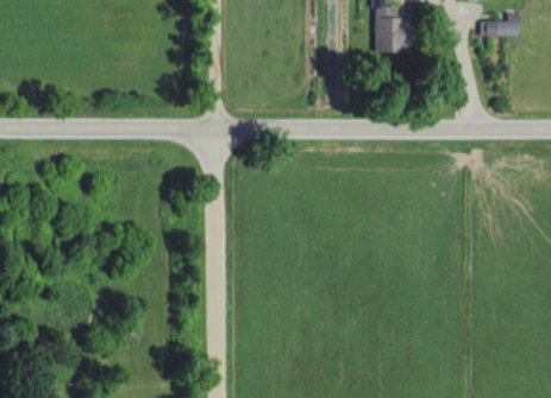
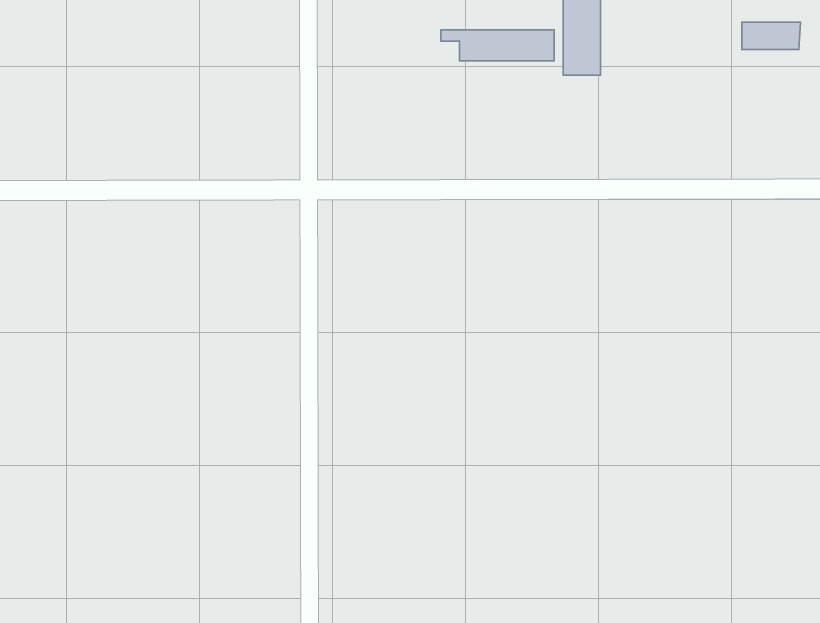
building: none -> [441,30,554,61]

